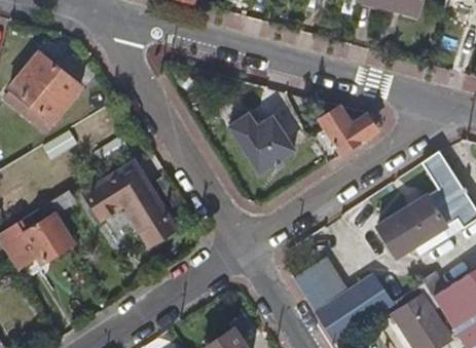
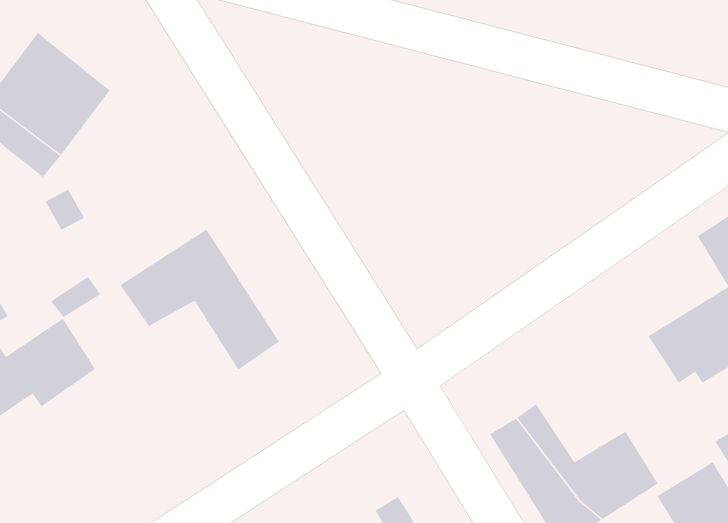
building: [230,100,301,177] -> none
building: [308,109,372,164] -> none

